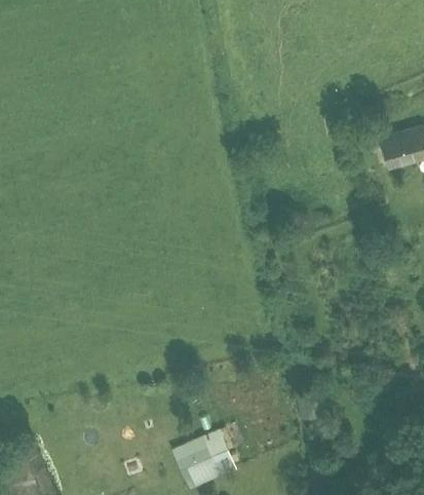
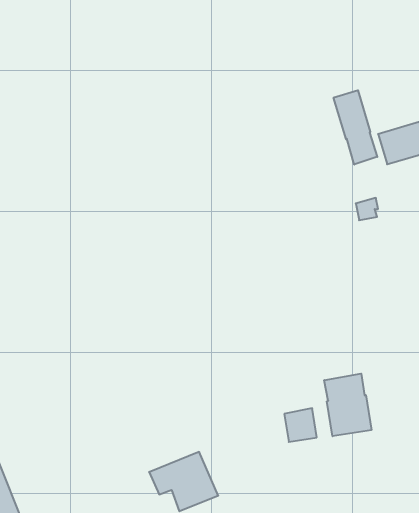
building: none -> [334,90,377,165]
building: none -> [324,374,371,436]

